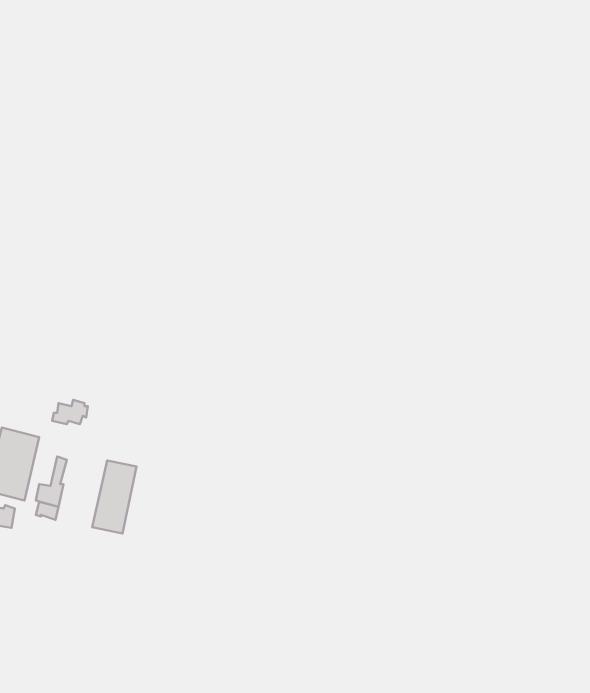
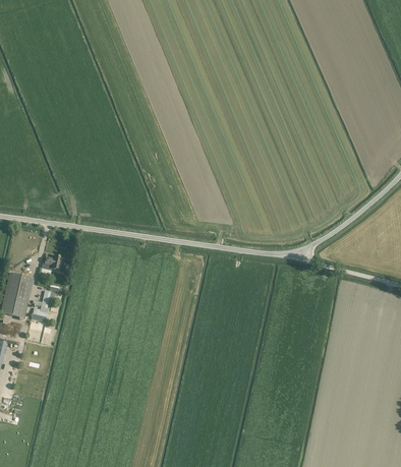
building: [92,461,136,534] -> none

